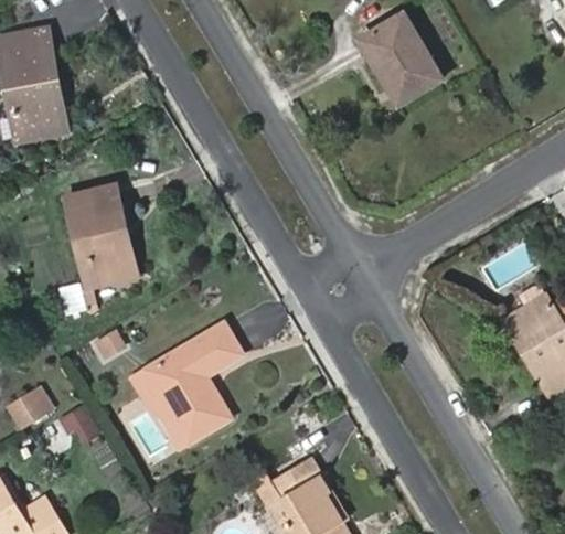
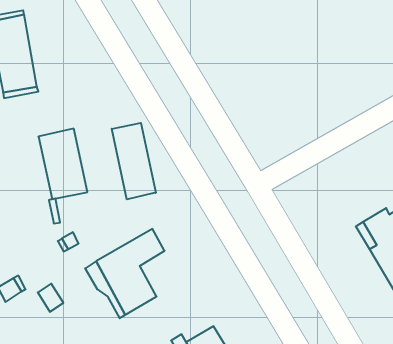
building: [362,14,440,102] -> none
building: none -> [112,123,156,199]

